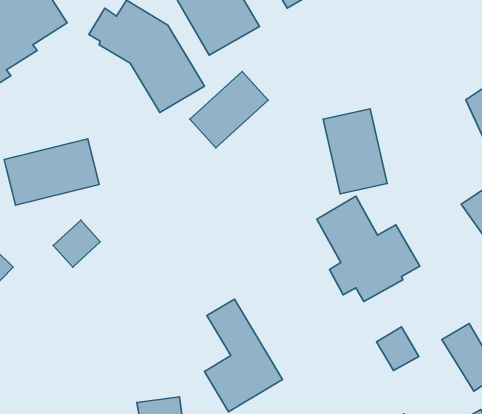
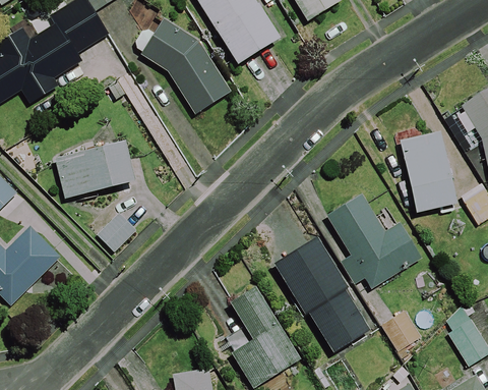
building: [190,71,268,148] -> none
building: [323,109,387,194] -> [399,136,455,212]
building: none -> [278,232,374,350]

